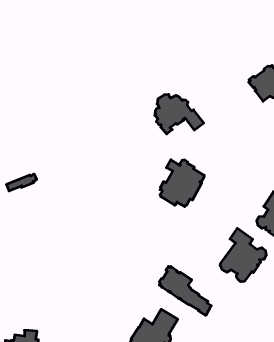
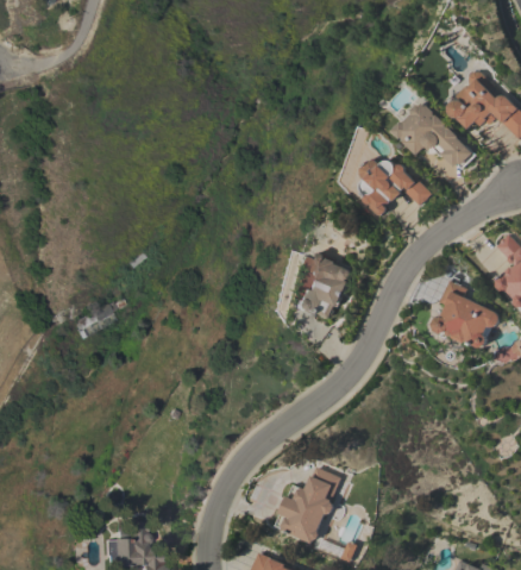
building: [155,94,204,134] -> [360,159,431,215]
building: [220,228,266,282] -> none
building: [159,266,211,315] -> none

